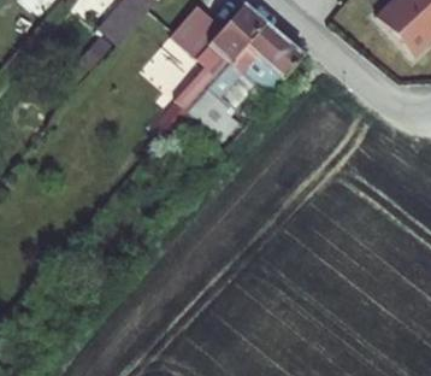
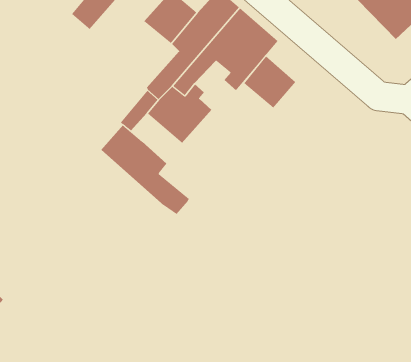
building: none -> [244,56,296,109]
building: none -> [101,125,190,215]

